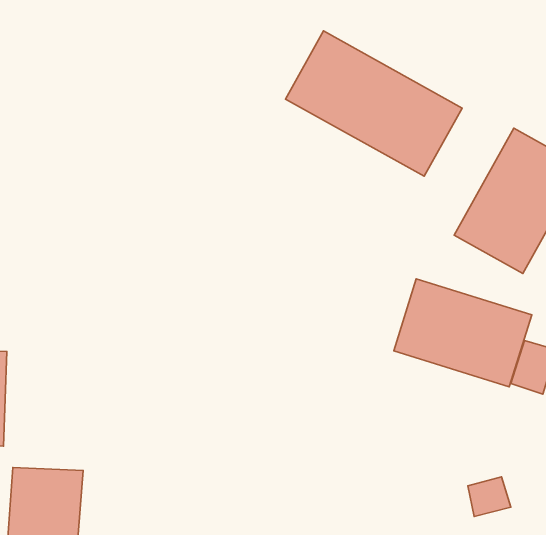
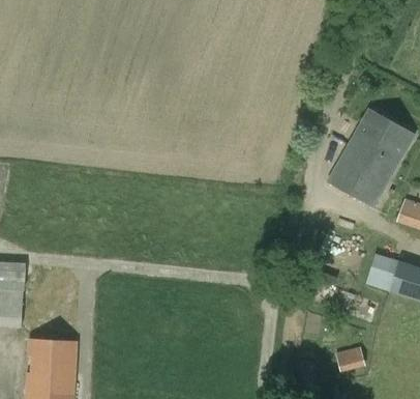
building: [285,31,462,176] -> none
building: [394,279,532,387] -> none

